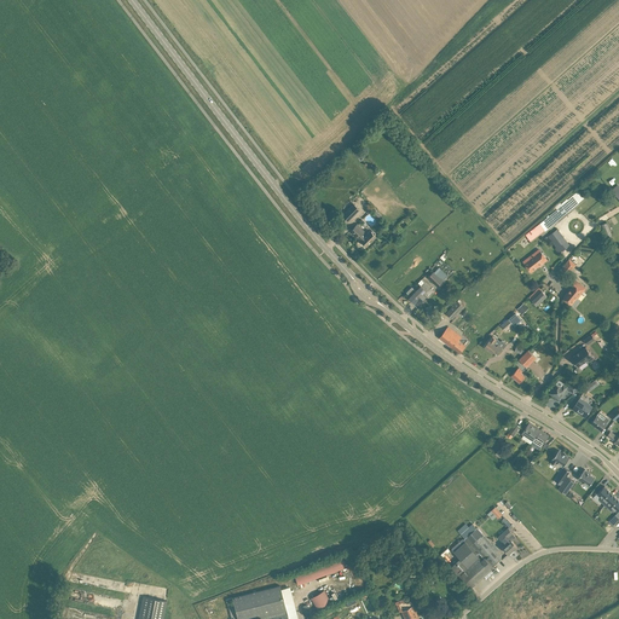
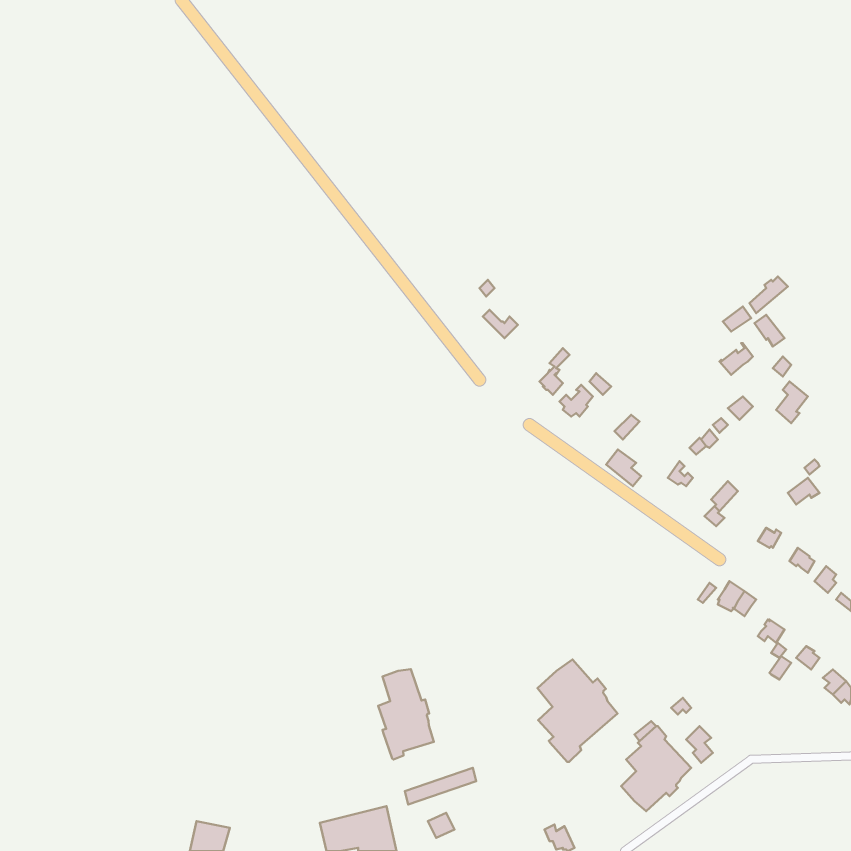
building: none -> [538,659,618,762]
building: none -> [378,669,434,760]

